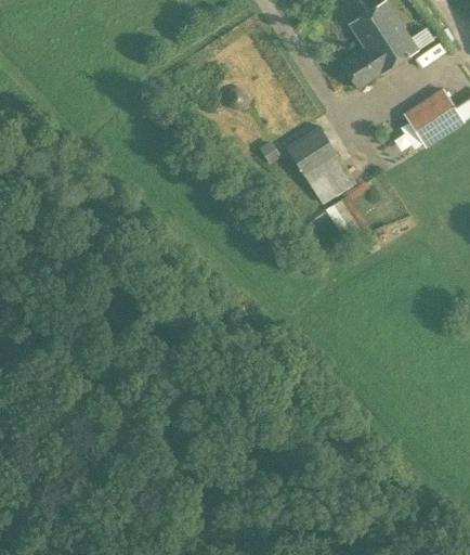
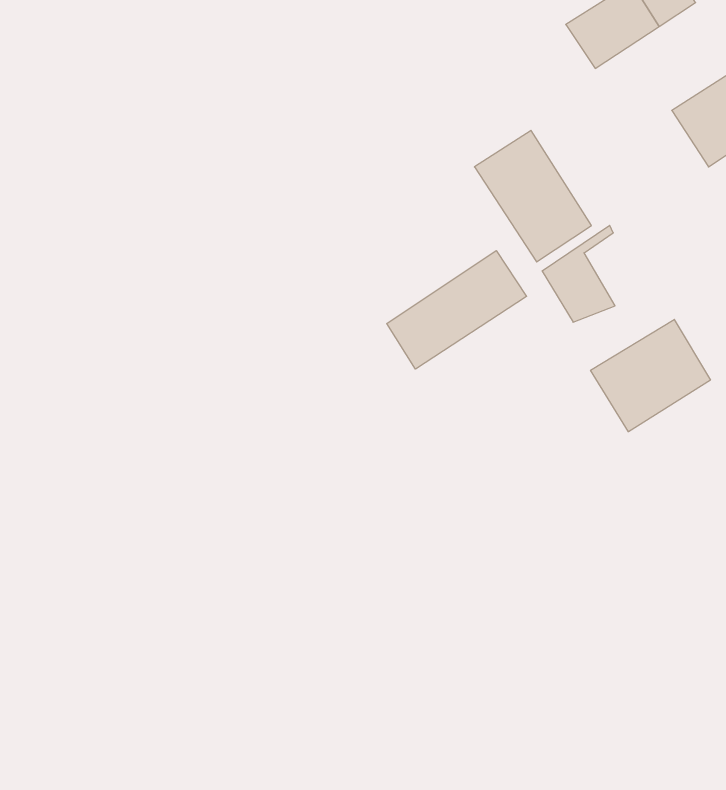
building: none -> [387,251,527,369]
building: none -> [591,319,710,432]

